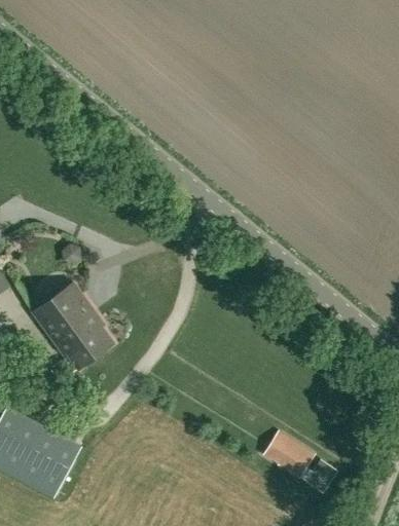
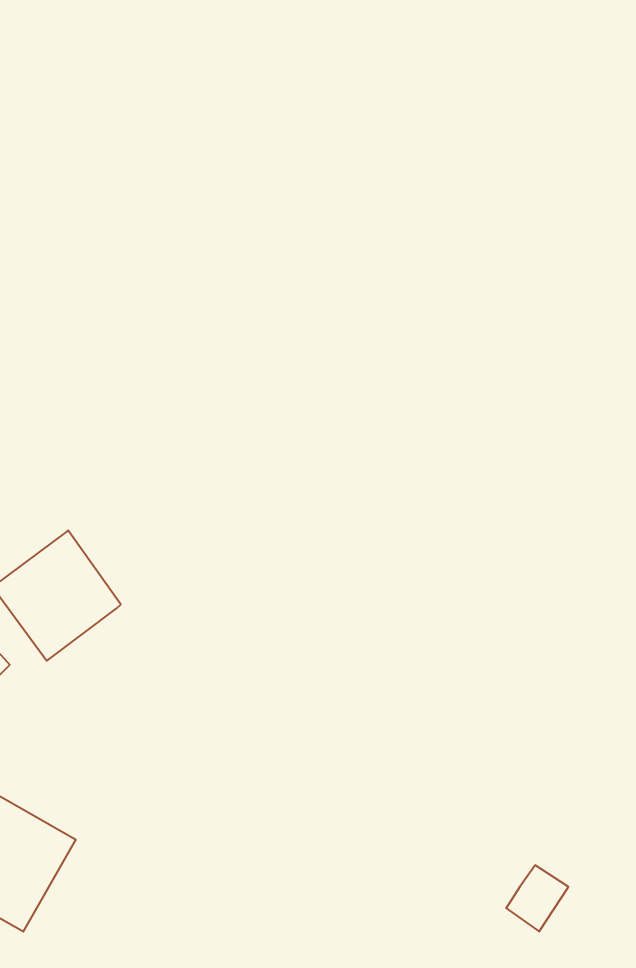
building: [63,324,114,370] -> none
building: [262,429,316,480] -> none

